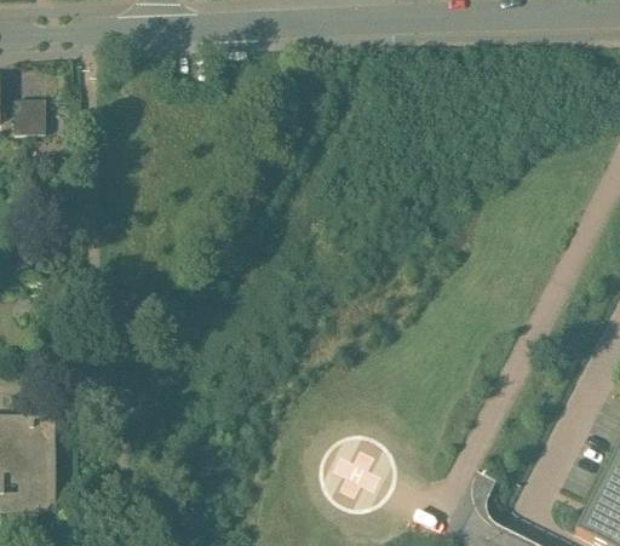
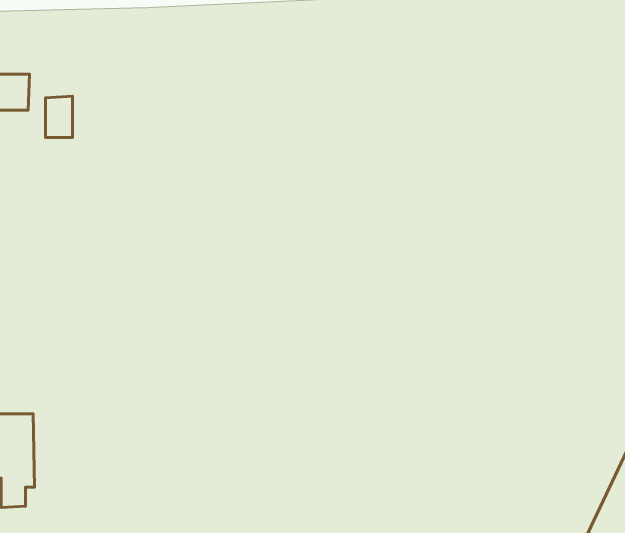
building: none -> [46,96,72,137]

